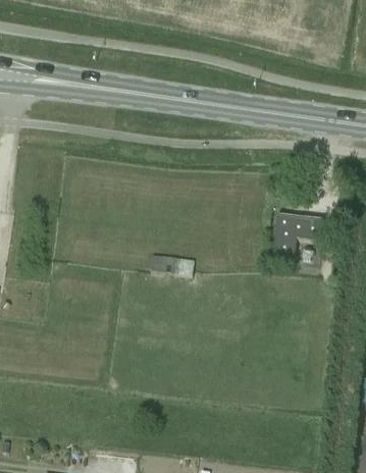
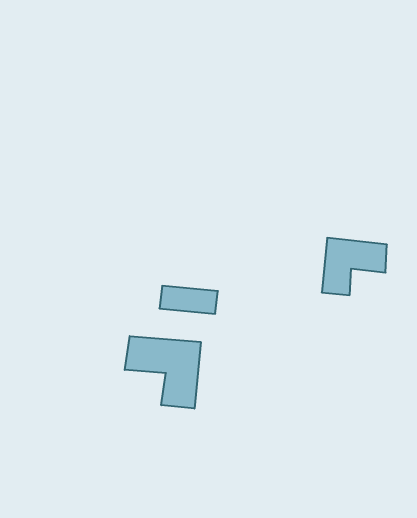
building: none -> [125,336,201,409]

